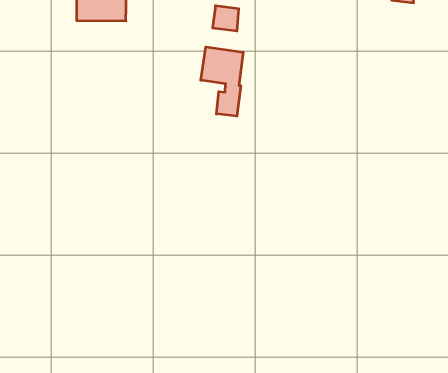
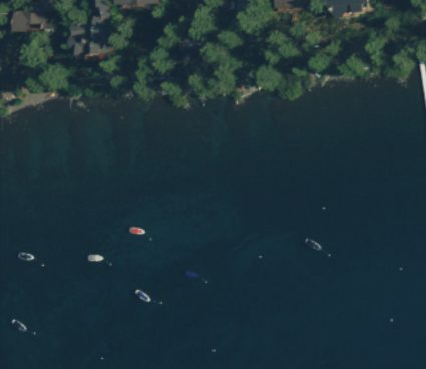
building: [201,47,243,116] -> none

